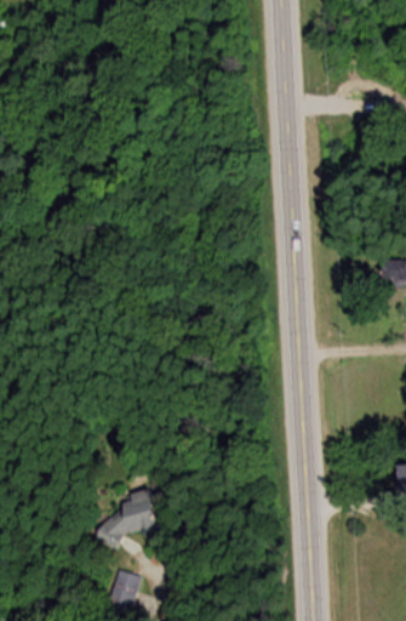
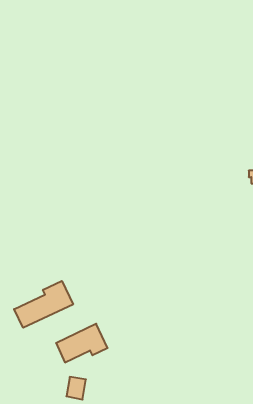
building: none -> [14,281,73,328]

